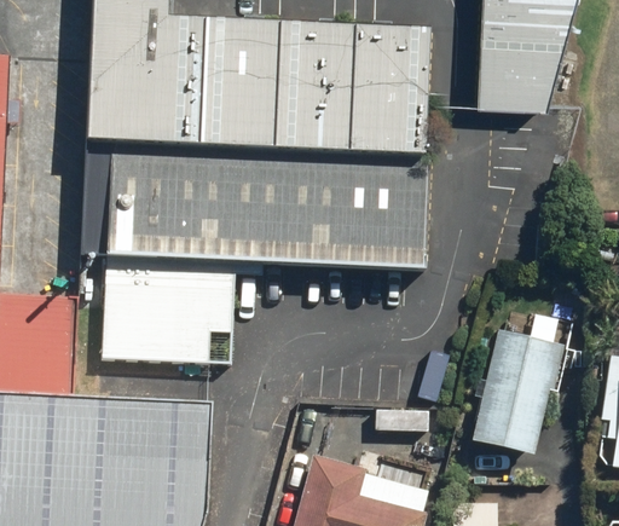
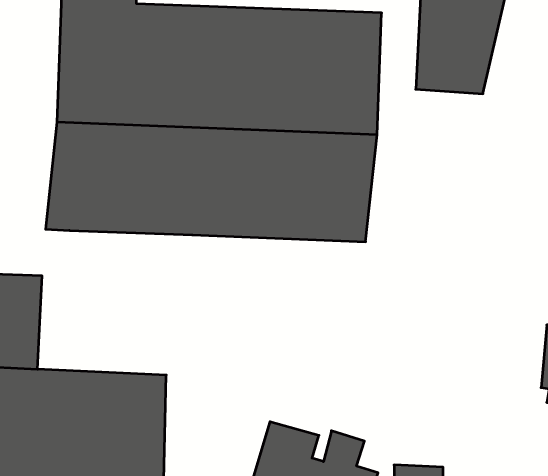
building: [98,253,233,370] -> none
building: [473,313,579,456] -> none

